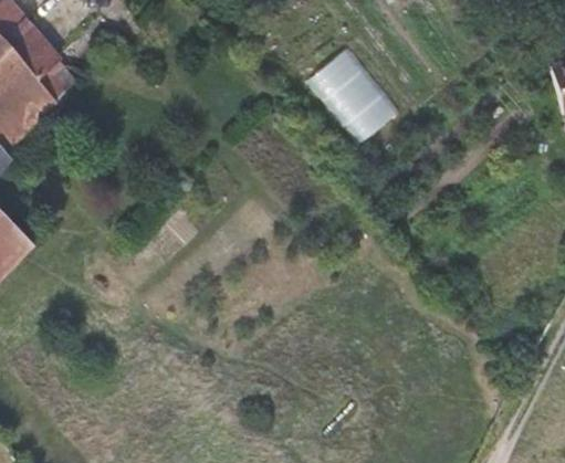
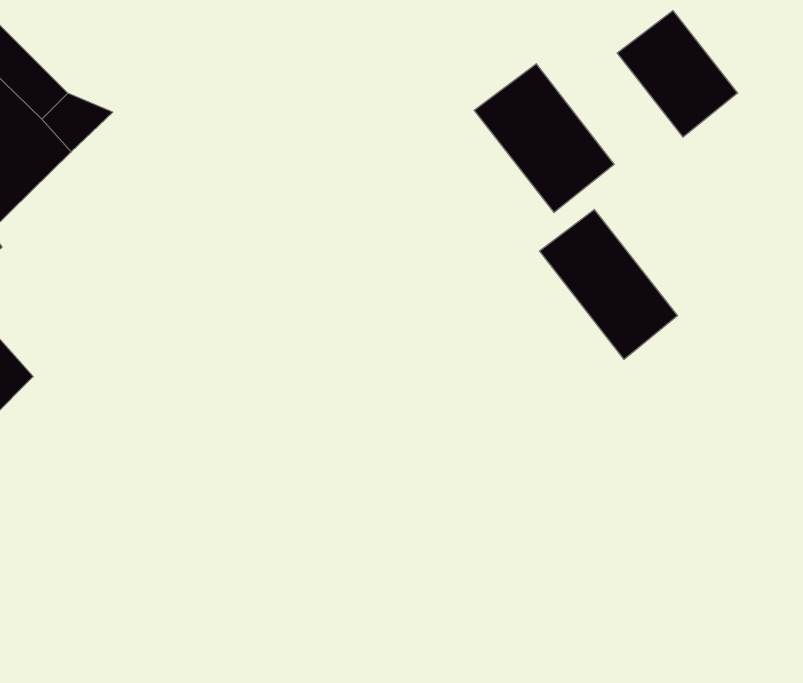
building: none -> [617,11,738,137]
building: none -> [539,209,678,359]

